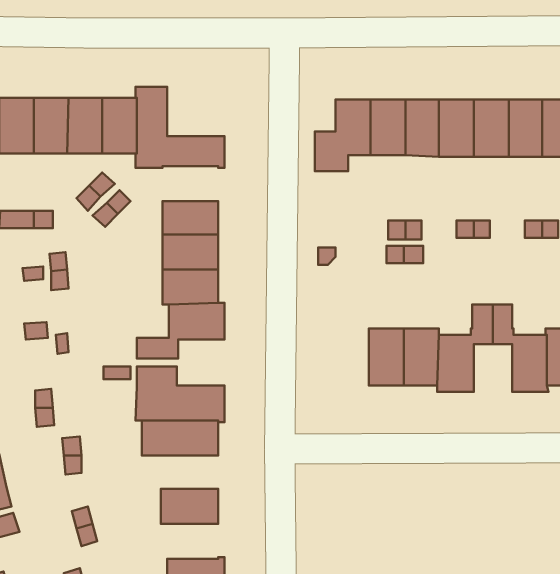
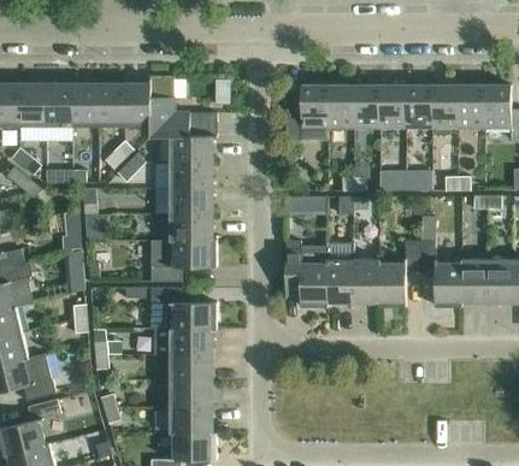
building: none -> [170,136,212,163]
building: none -> [285,241,328,307]
building: none -> [169,355,212,381]
building: none -> [169,407,212,433]

